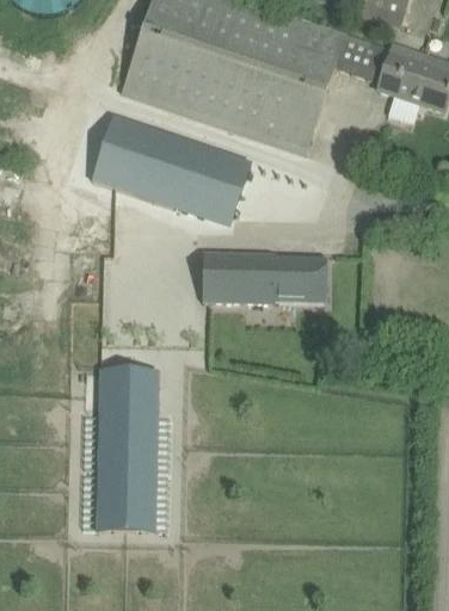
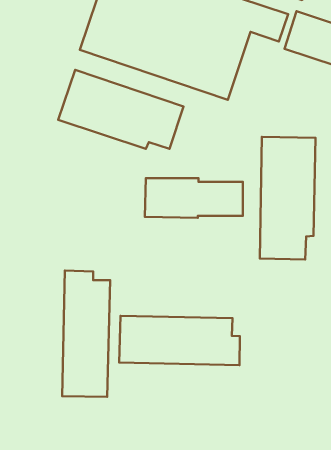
building: none -> [260,137,316,259]
building: none -> [119,316,240,365]

